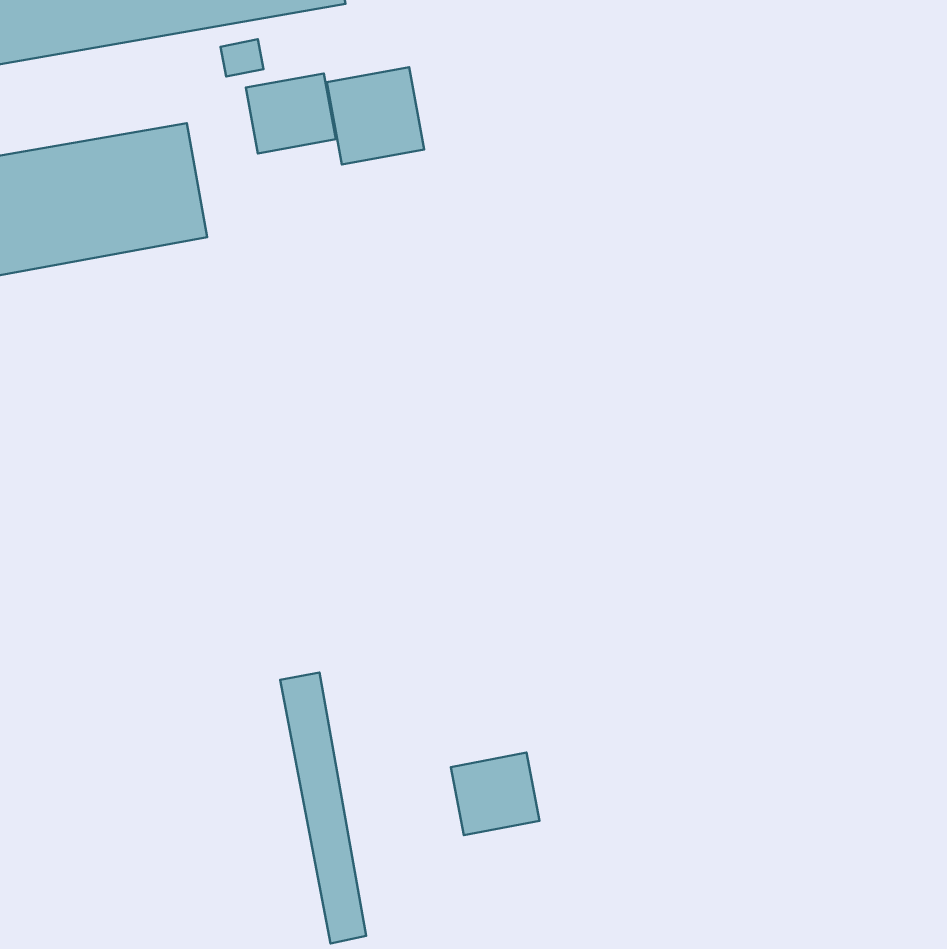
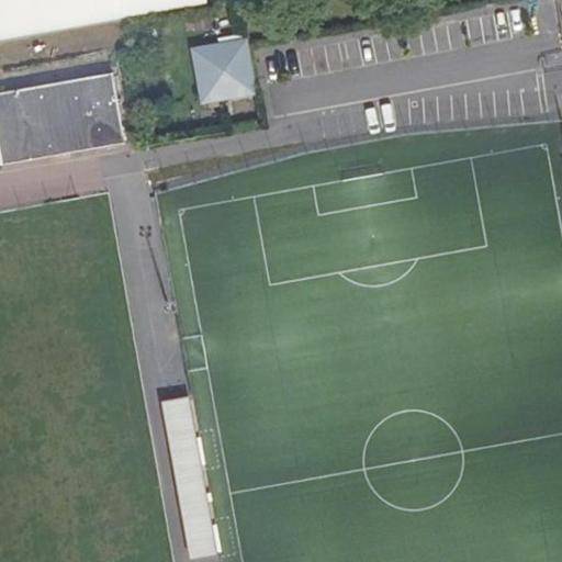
building: [246,73,336,154] -> none
building: [451,753,540,835] -> none

